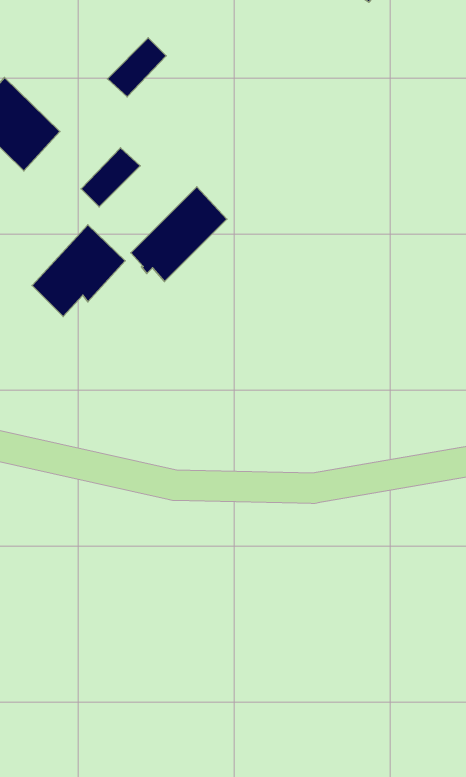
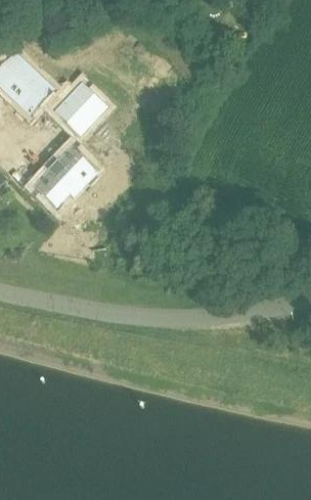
building: [107,38,166,97] -> [54,87,91,124]
building: [131,187,227,282] -> none

